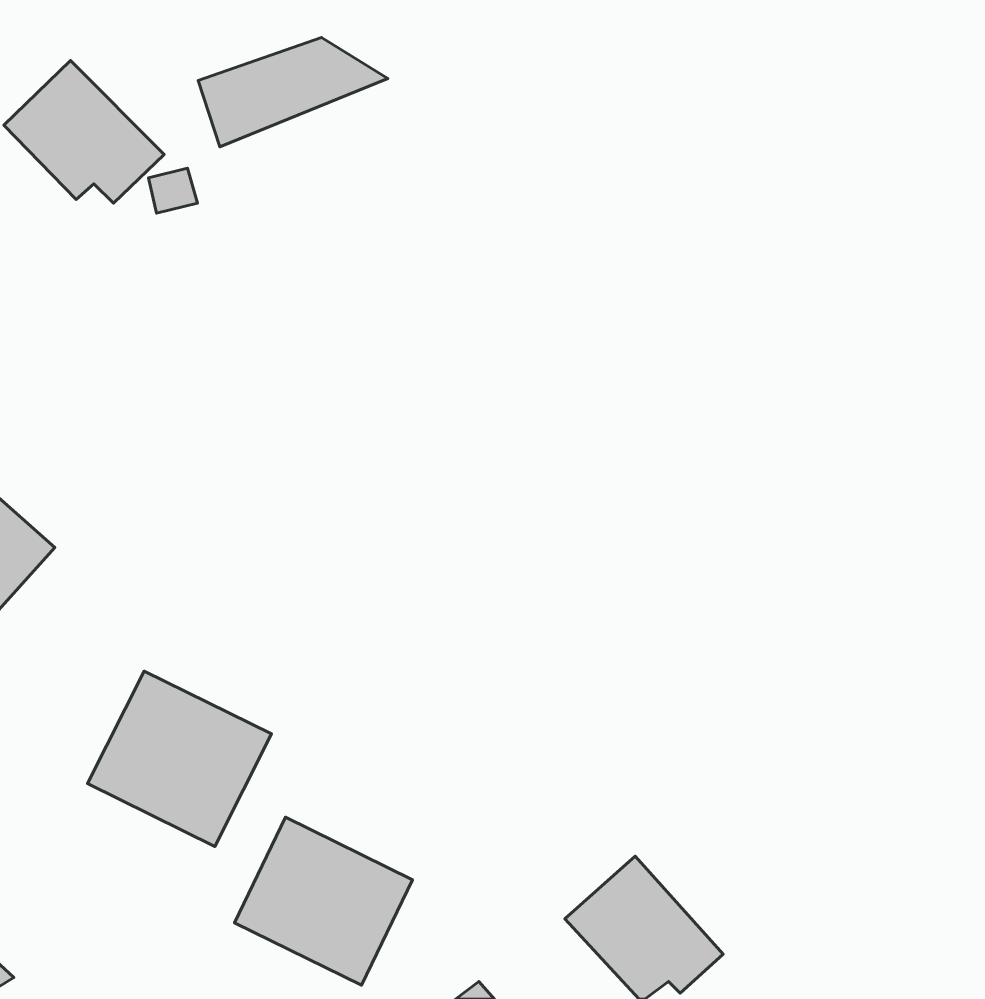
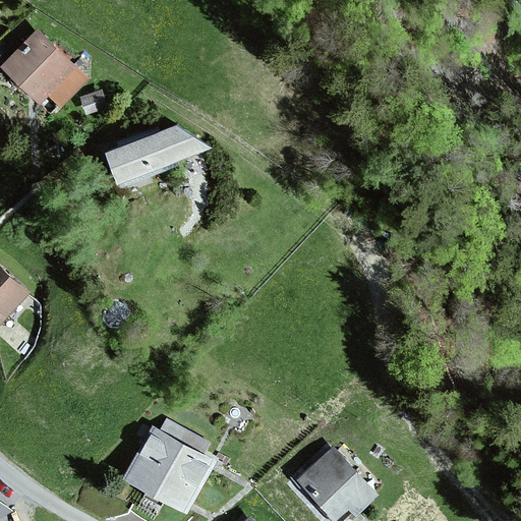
building: [198,37,388,147] -> [111,127,210,184]
building: [87,671,272,846] -> none

